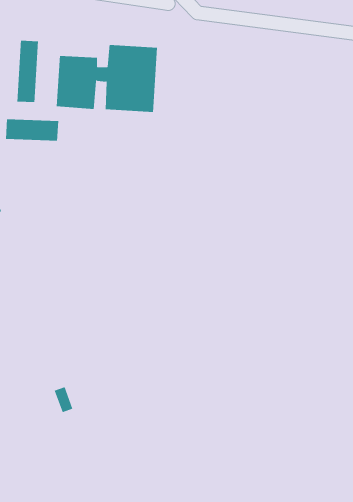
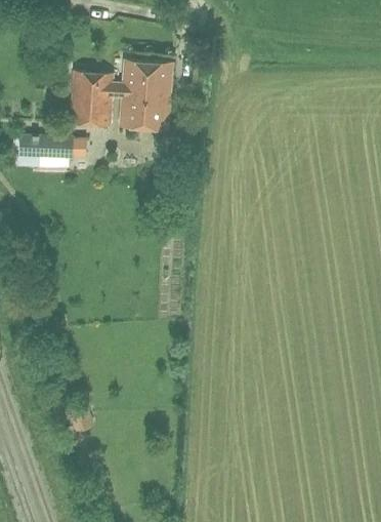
building: [17,40,39,103] -> none

